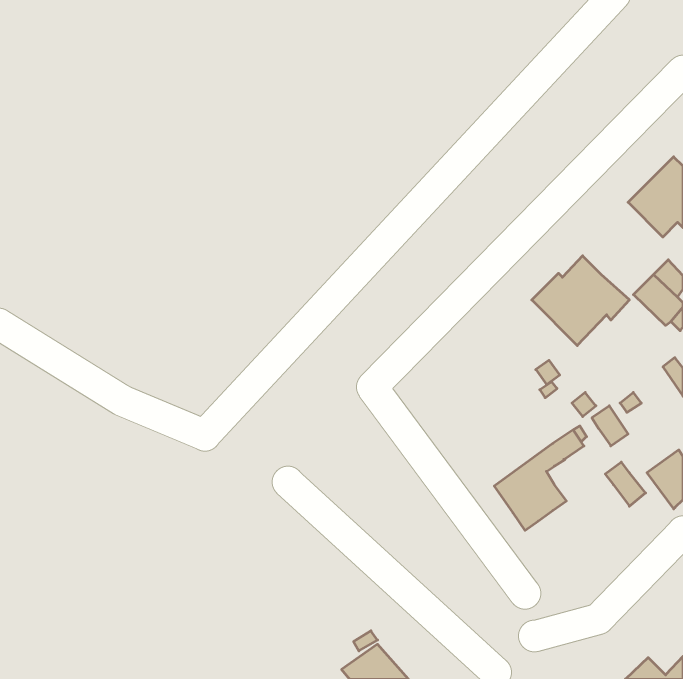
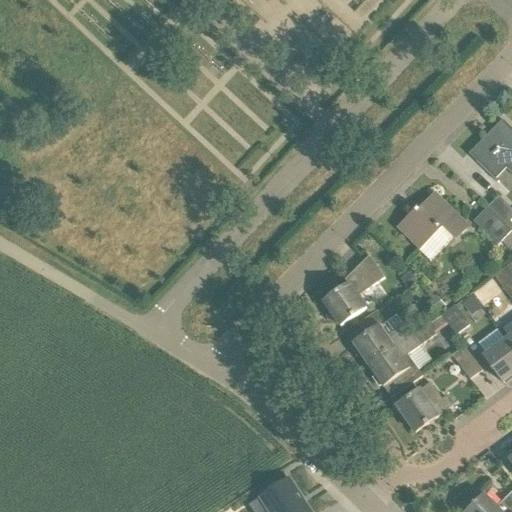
building: none -> [324,259,378,324]
building: none -> [352,308,413,363]
building: none -> [397,381,453,430]

